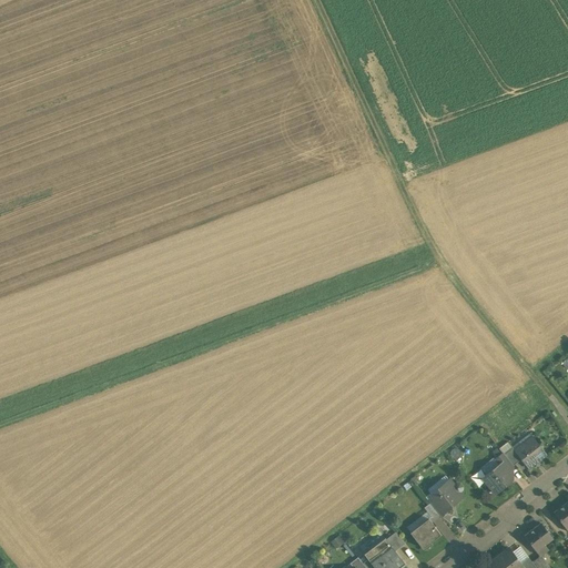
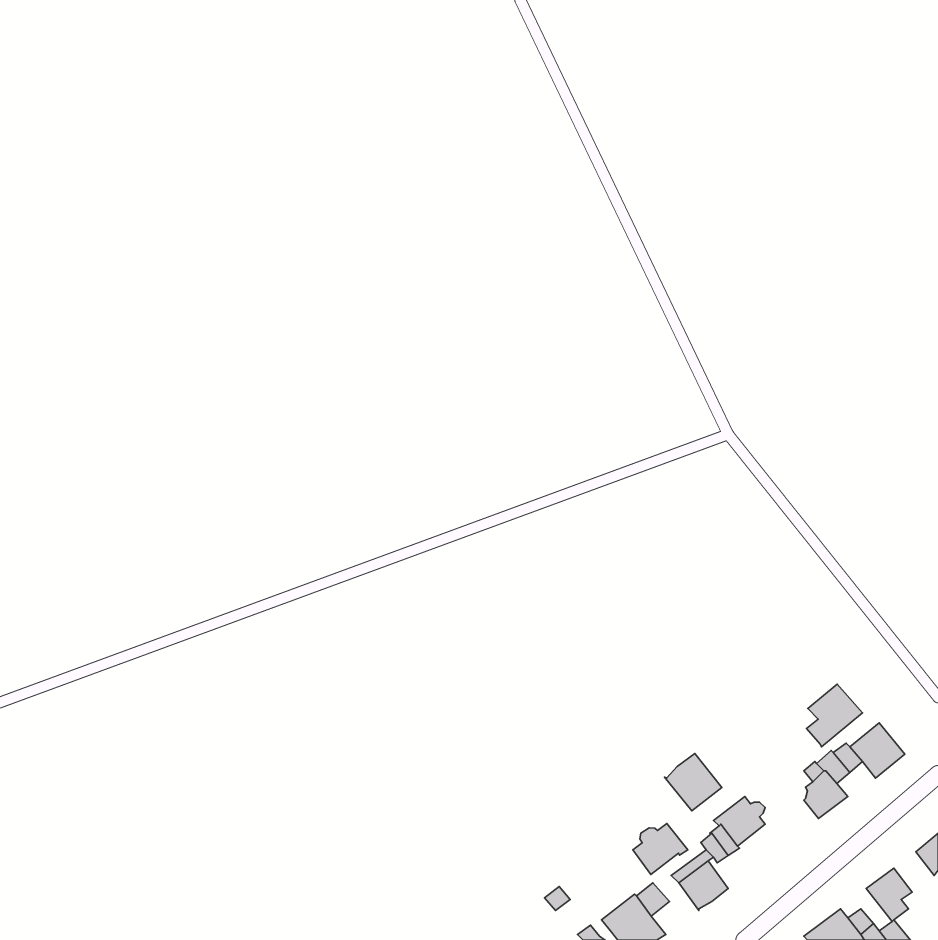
building: none -> [807,684,863,747]
building: none -> [665,754,722,811]
building: none -> [633,823,688,874]

